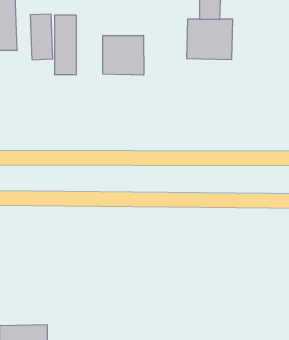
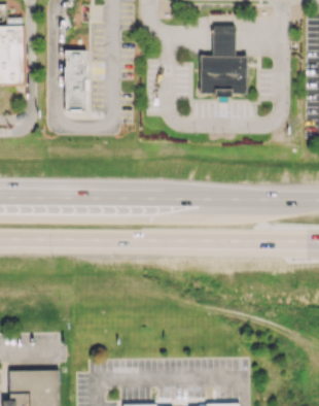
building: [31,14,52,60] -> none
building: [103,35,144,75] -> none

